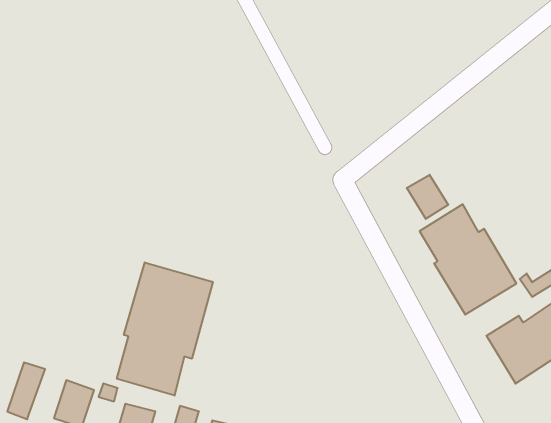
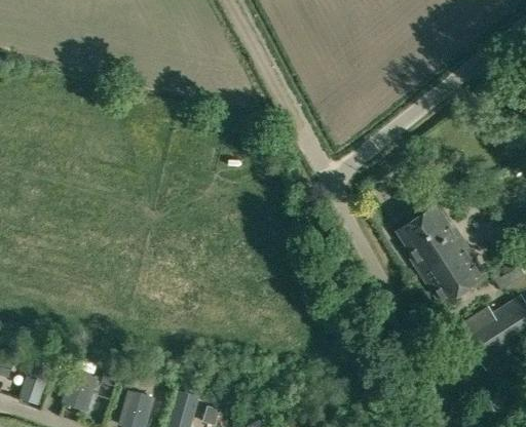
building: [407,175,448,219] -> none
building: [117,262,213,396] -> none

